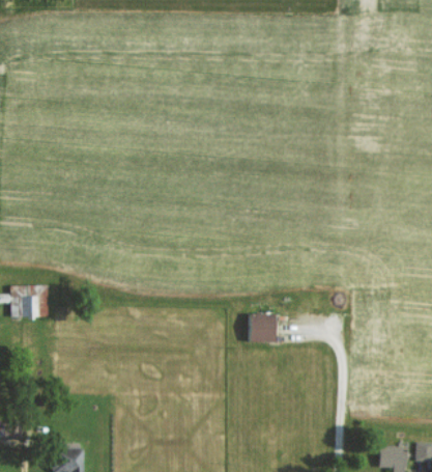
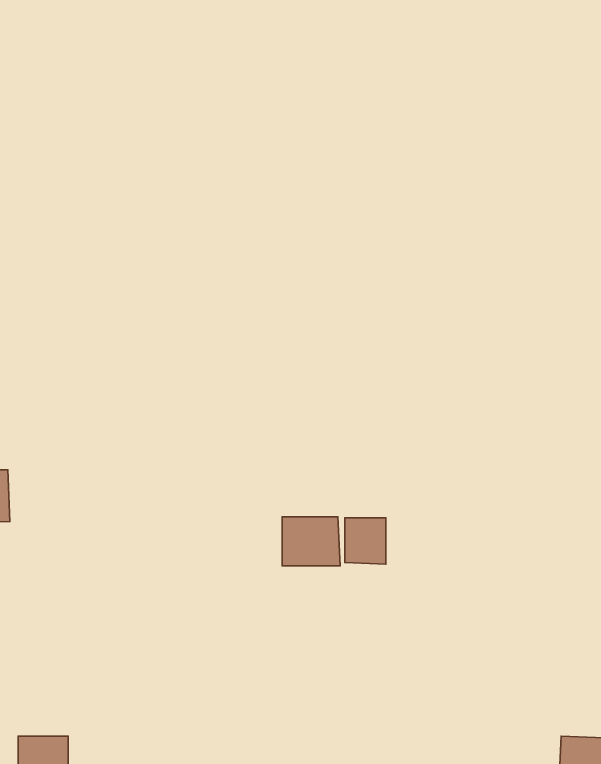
building: none -> [282,517,340,566]

